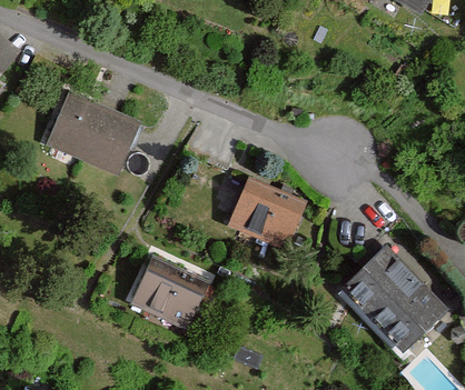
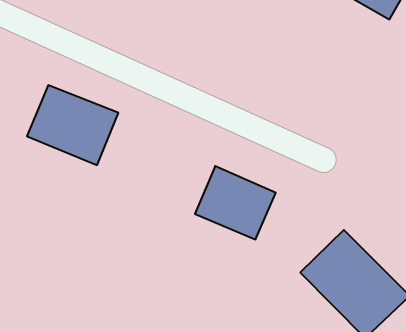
building: [127,256,210,332] -> none

